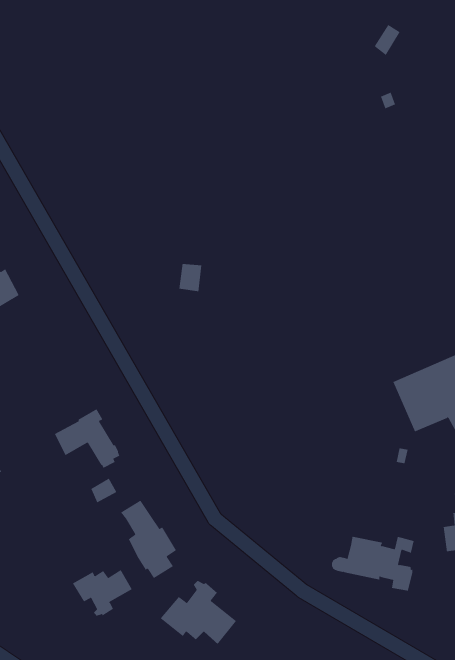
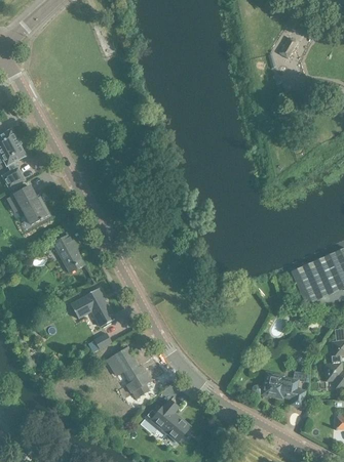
building: none -> [52,234,83,272]
building: [72,569,132,617] -> none

